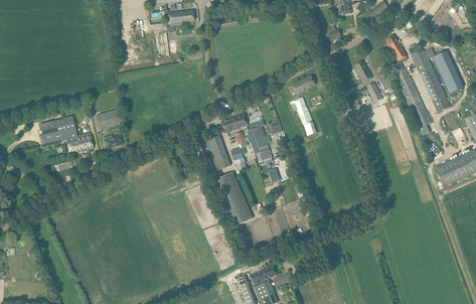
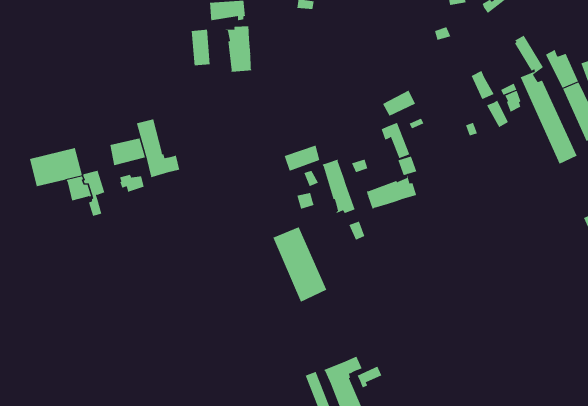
building: none -> [225,25,253,72]
building: none -> [136,118,180,178]
building: [205,135,230,170] -> none
building: none -> [366,174,417,210]

